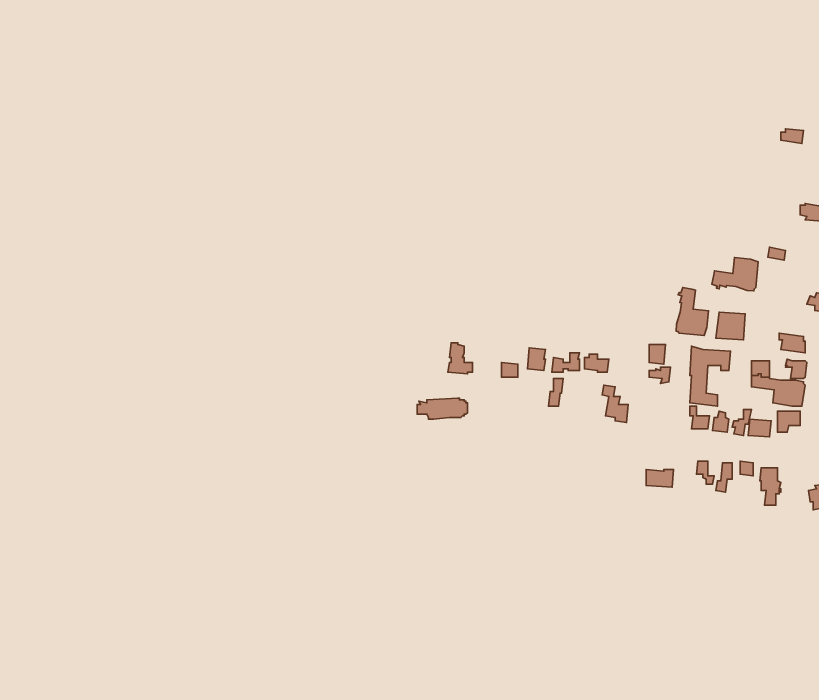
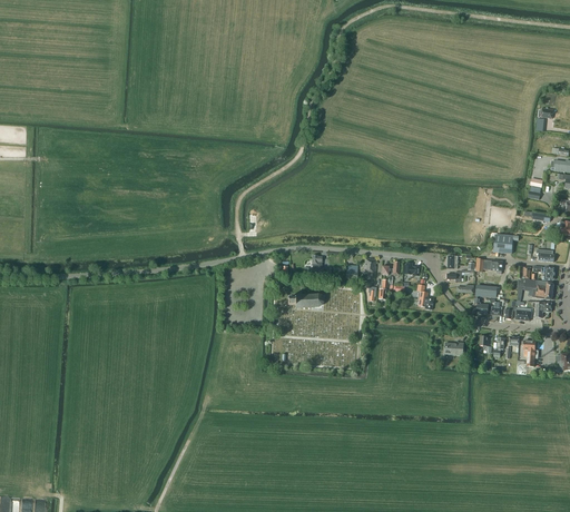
building: [712,258,758,291] -> none
building: [676,287,708,335] -> none

